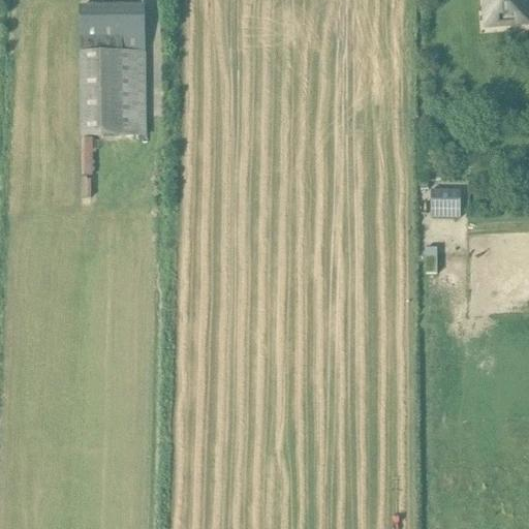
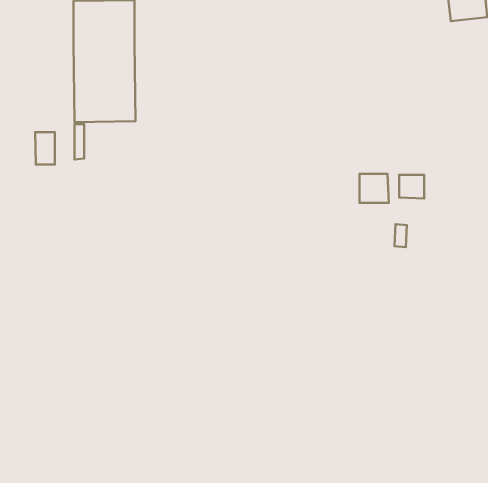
building: none -> [35,132,55,164]
building: none -> [359,174,389,203]

